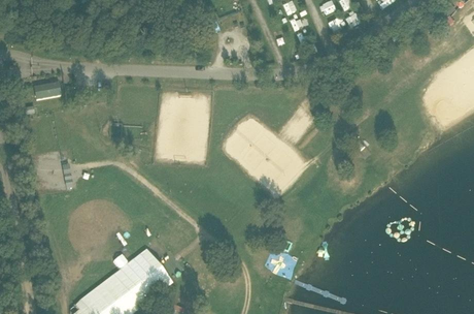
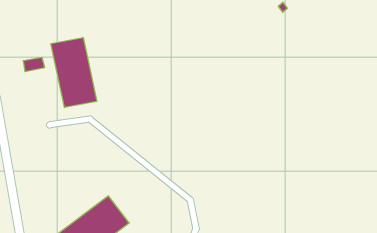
building: none -> [51,37,97,108]

